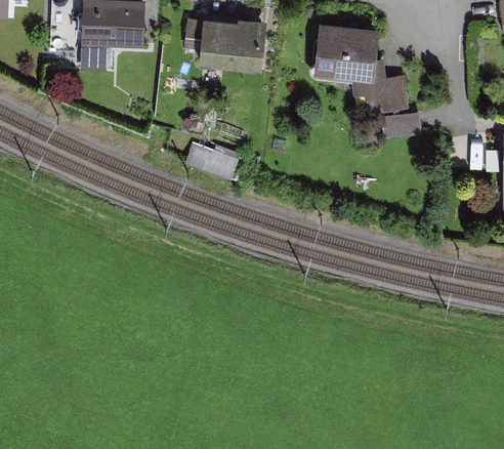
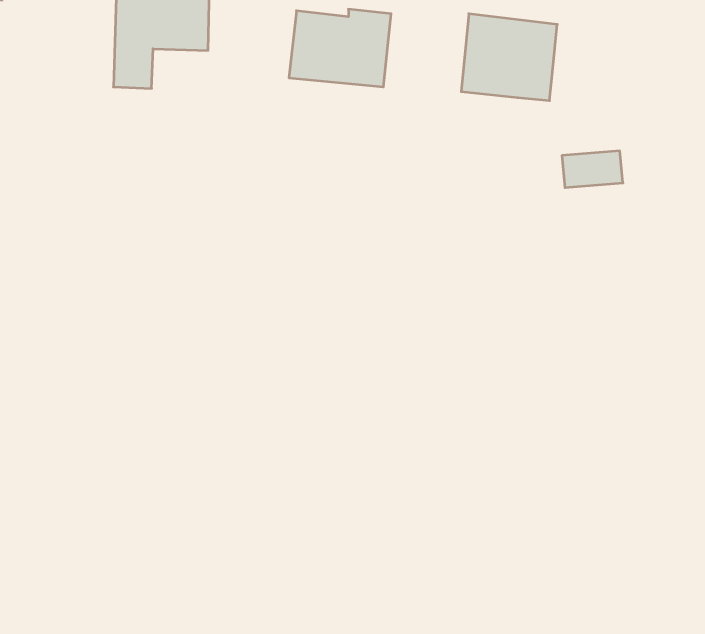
building: [350,56,407,114] -> none
building: [187,145,241,177] -> none

